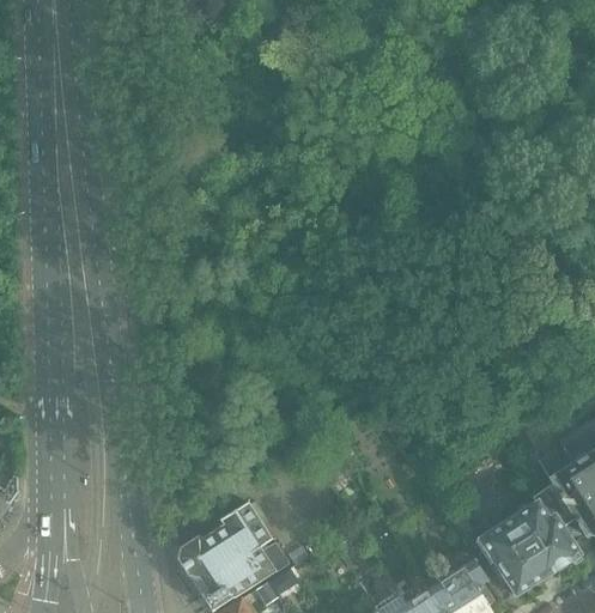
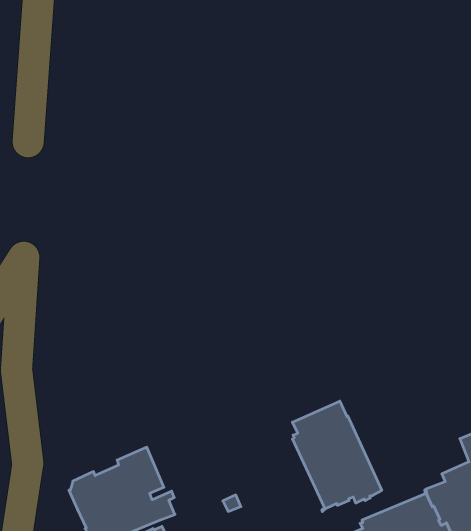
building: none -> [292,401,382,512]

